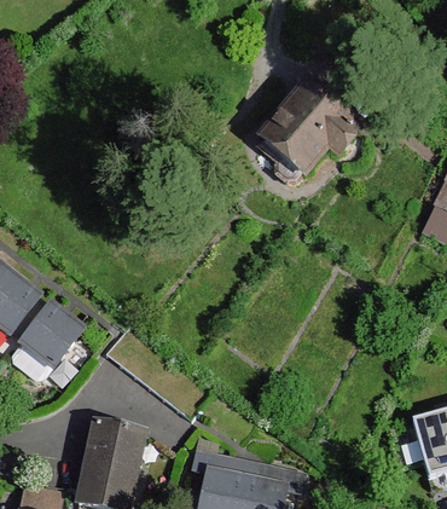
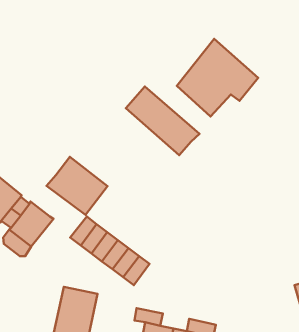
building: none -> [126,87,200,155]
building: none -> [46,157,108,215]

